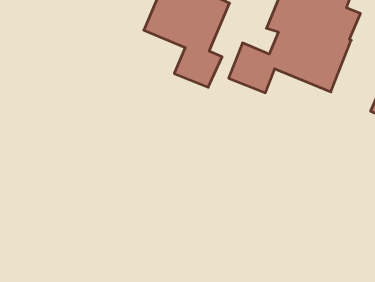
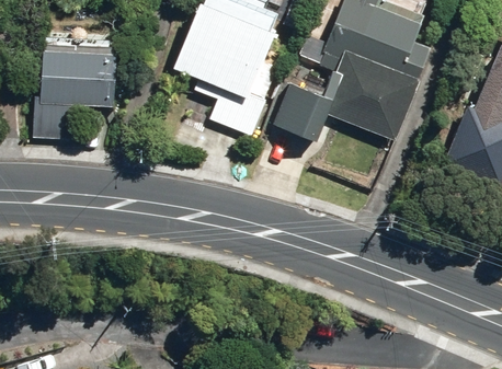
building: none -> [33,42,116,139]

